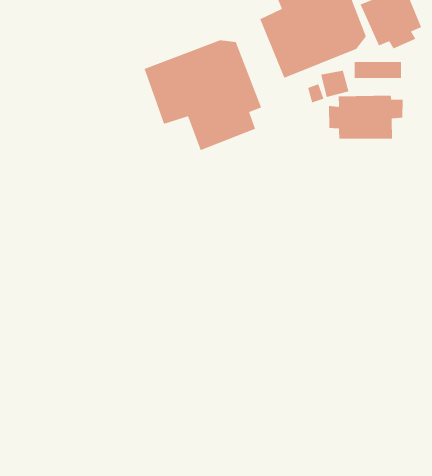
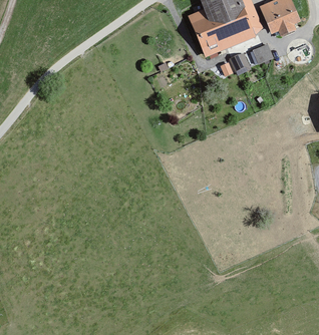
building: [143,39,262,151] -> none
building: [328,95,403,139] -> none

